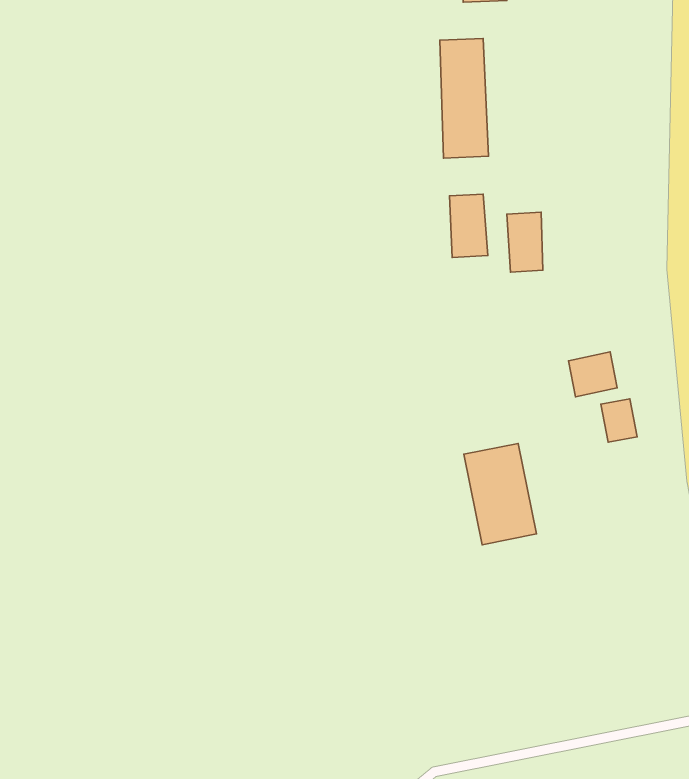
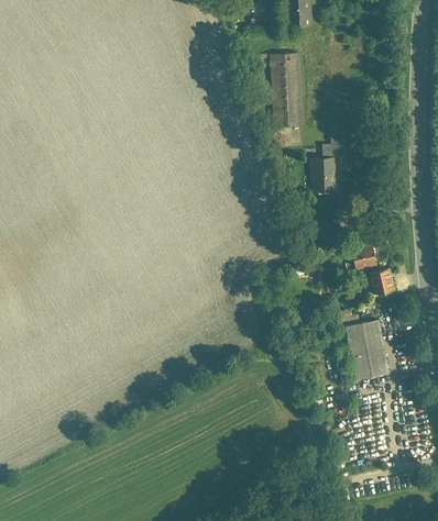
building: [449,194,488,258] -> none
building: [464,443,536,545] -> [348,319,392,380]

